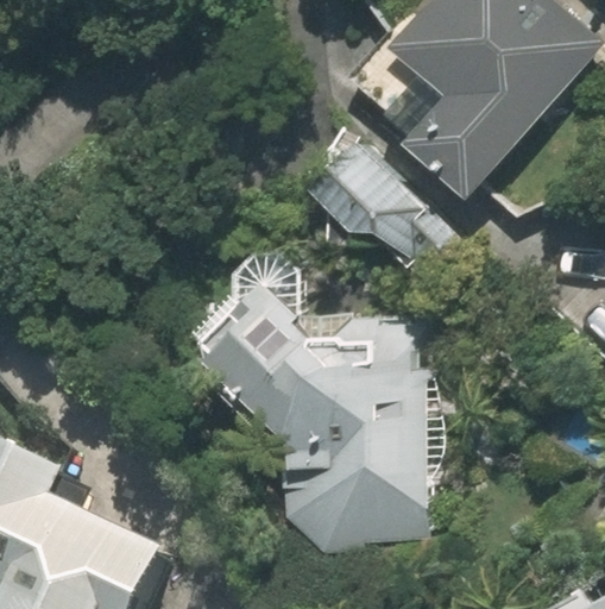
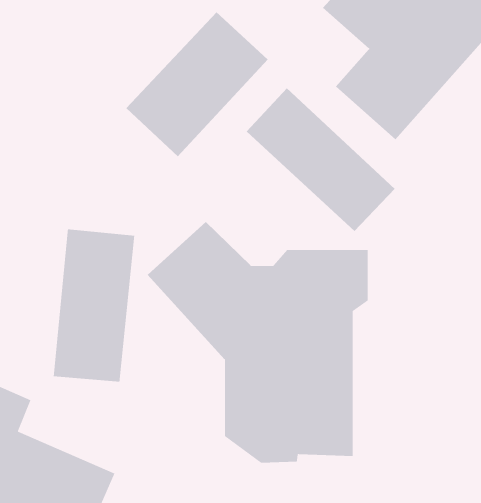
building: none -> [125,12,269,157]
building: none -> [53,229,135,383]

